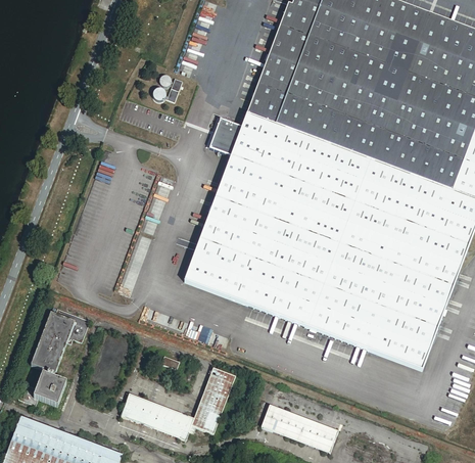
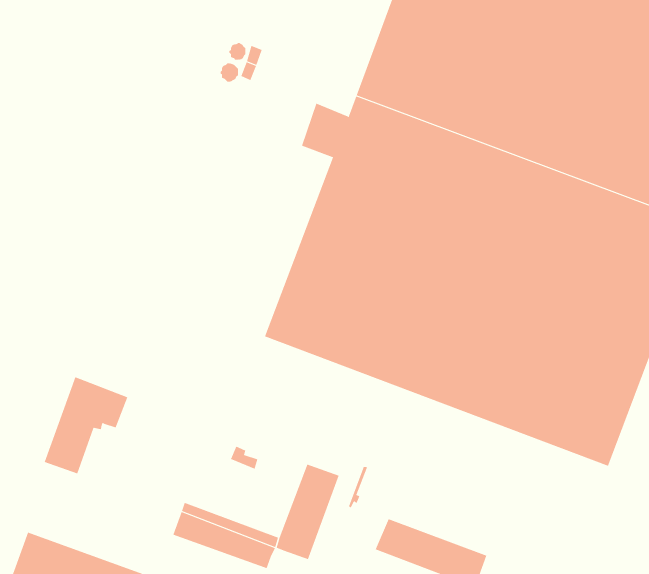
building: [17,374,65,406] -> none

